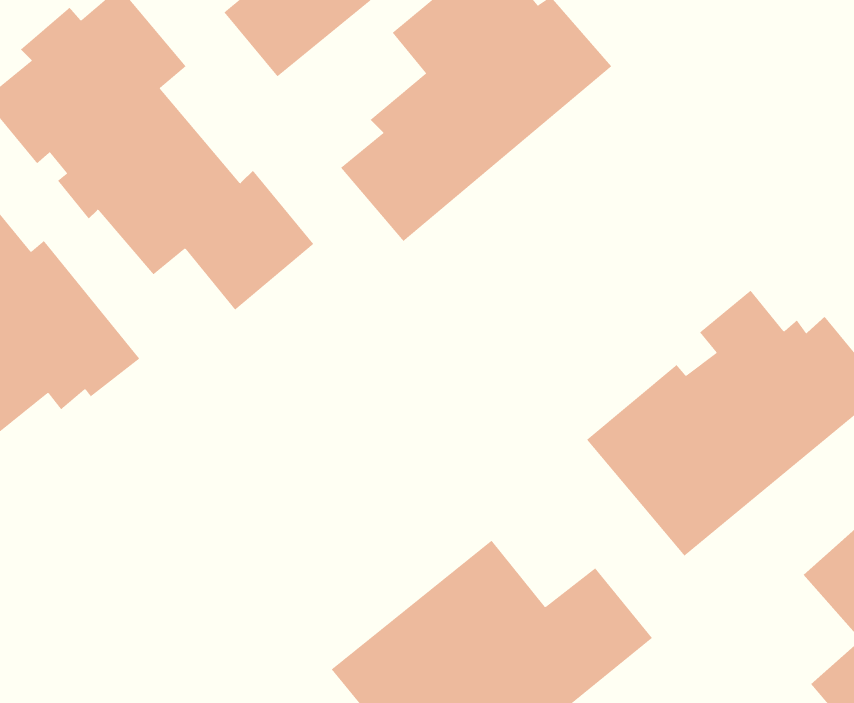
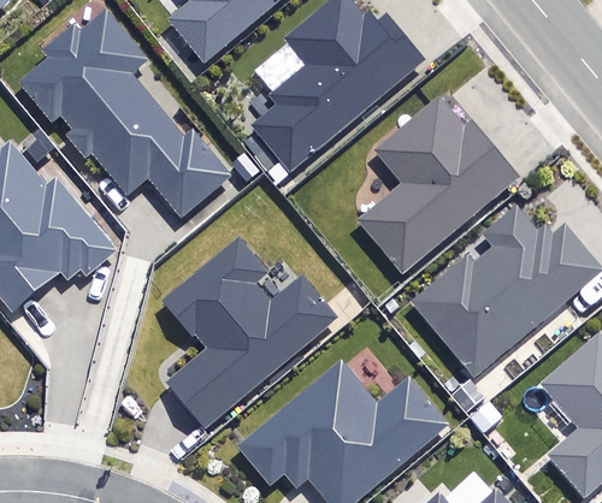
building: none -> [355,94,520,273]
building: none -> [159,233,338,427]

